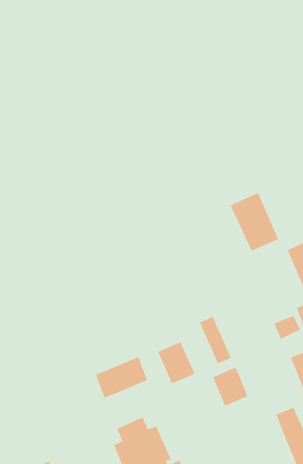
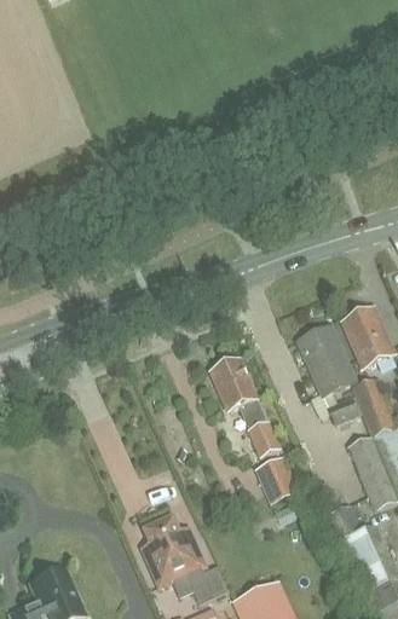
building: [230,192,279,252] -> [296,324,354,394]
building: [157,341,195,385] -> [210,358,255,409]
building: [95,356,148,399] -> none

